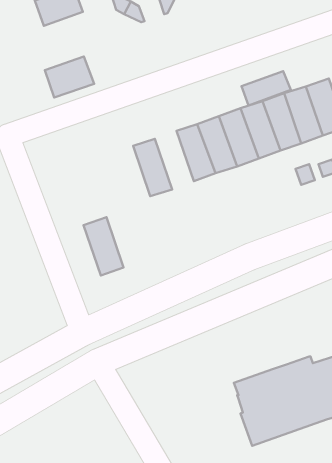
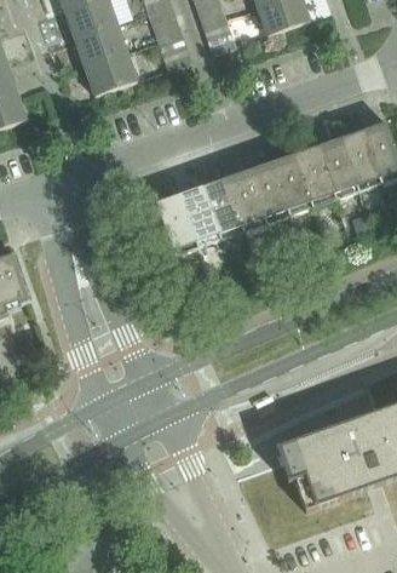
building: [45,56,94,98] -> [85,48,137,92]
building: [241,71,291,106] -> none
building: none -> [202,174,243,236]
building: [84,217,124,276] -> [155,190,197,252]

